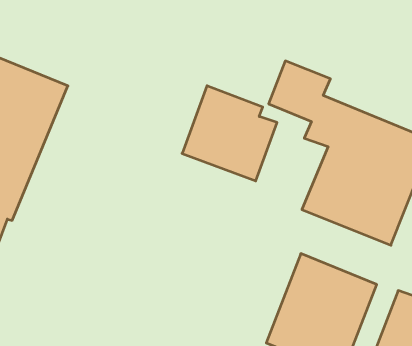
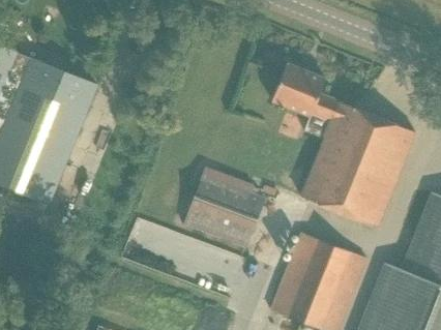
building: [182,86,277,181] -> [183,166,266,248]

